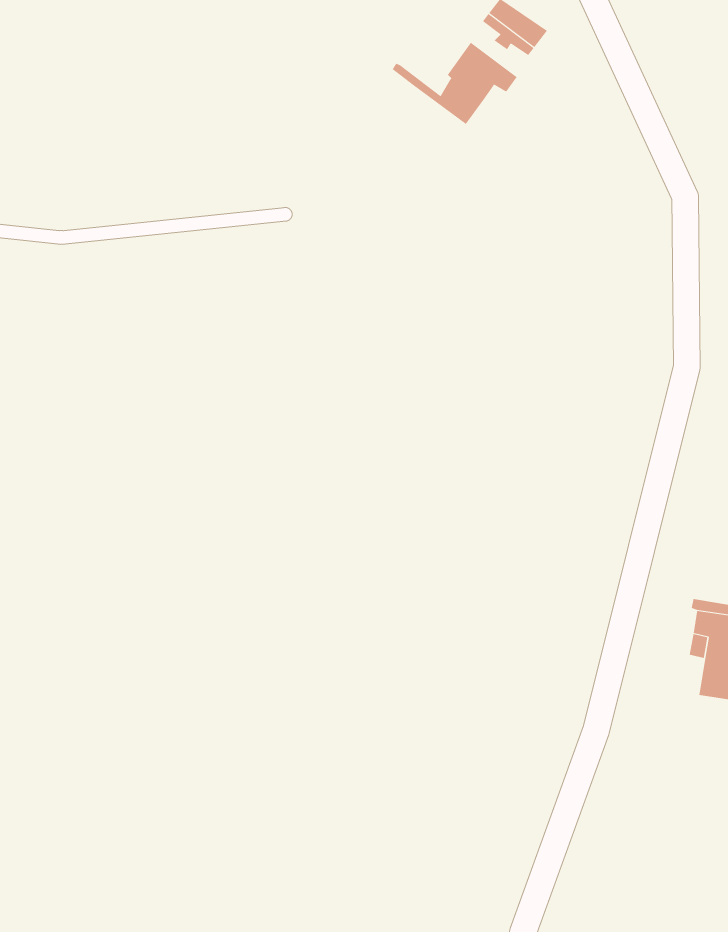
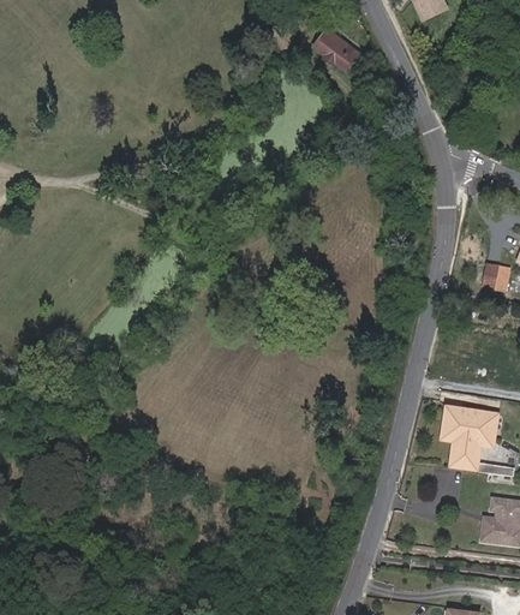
building: [392,42,517,125] -> none

